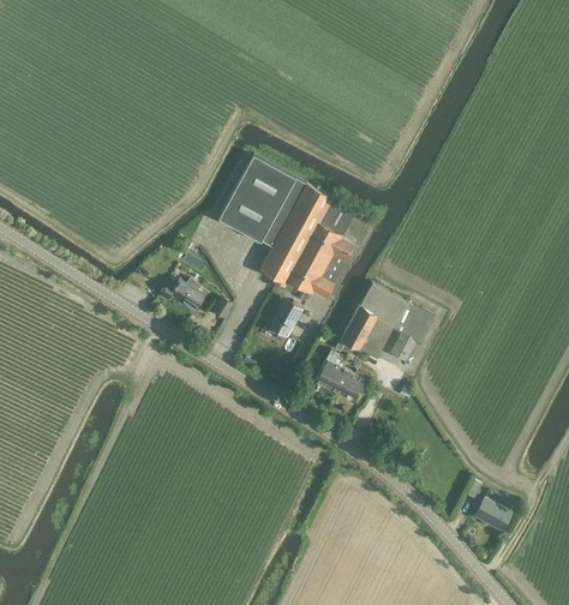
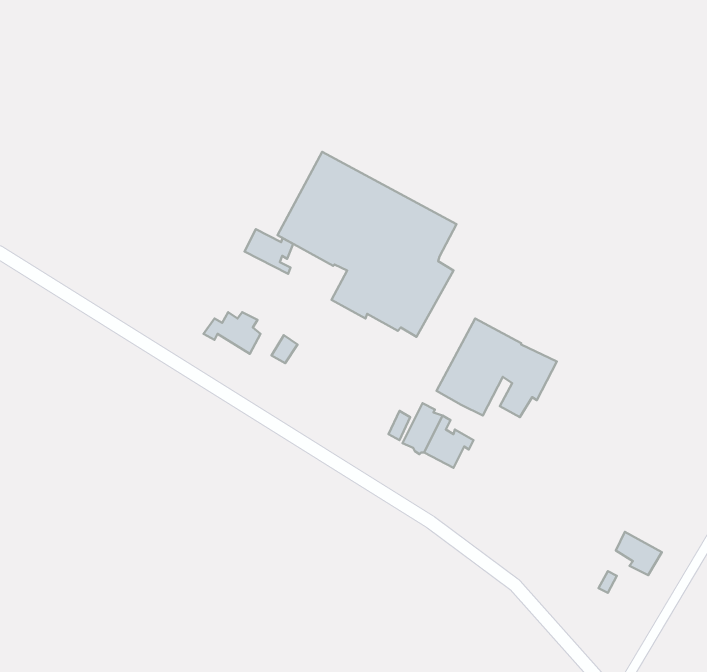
building: none -> [245,229,293,274]
building: [266,298,303,337] -> none
building: [477,498,513,532] -> [616,532,662,575]

